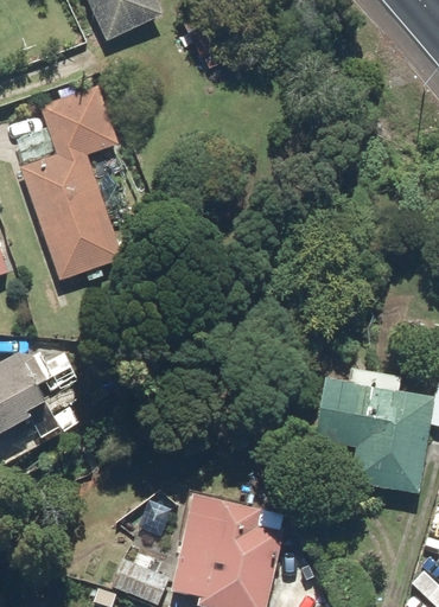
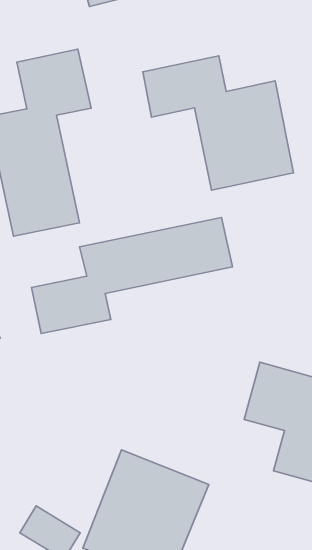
building: none -> [143,56,293,190]
building: none -> [31,217,232,334]

